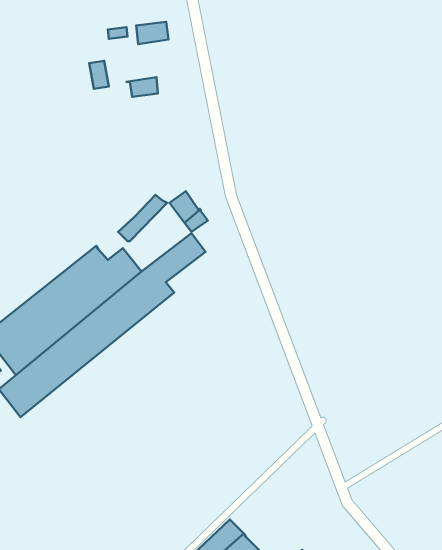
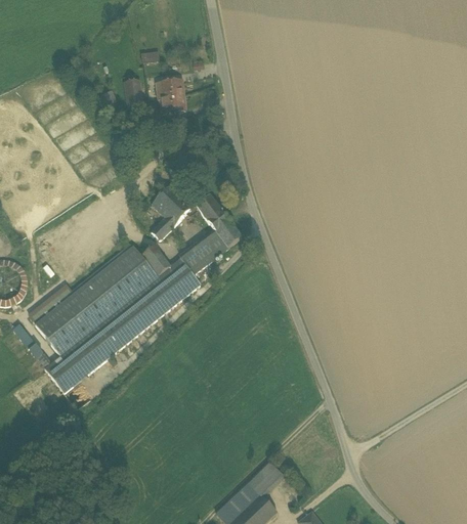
building: [136,22,169,44] -> [156,79,184,98]
building: none -> [152,184,183,217]
building: none -> [215,220,242,248]
building: none -> [249,462,285,498]

